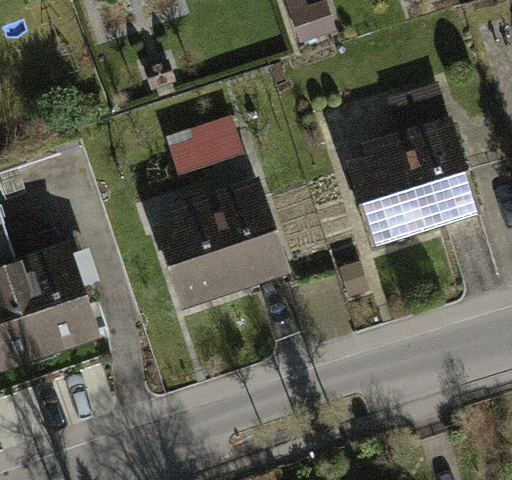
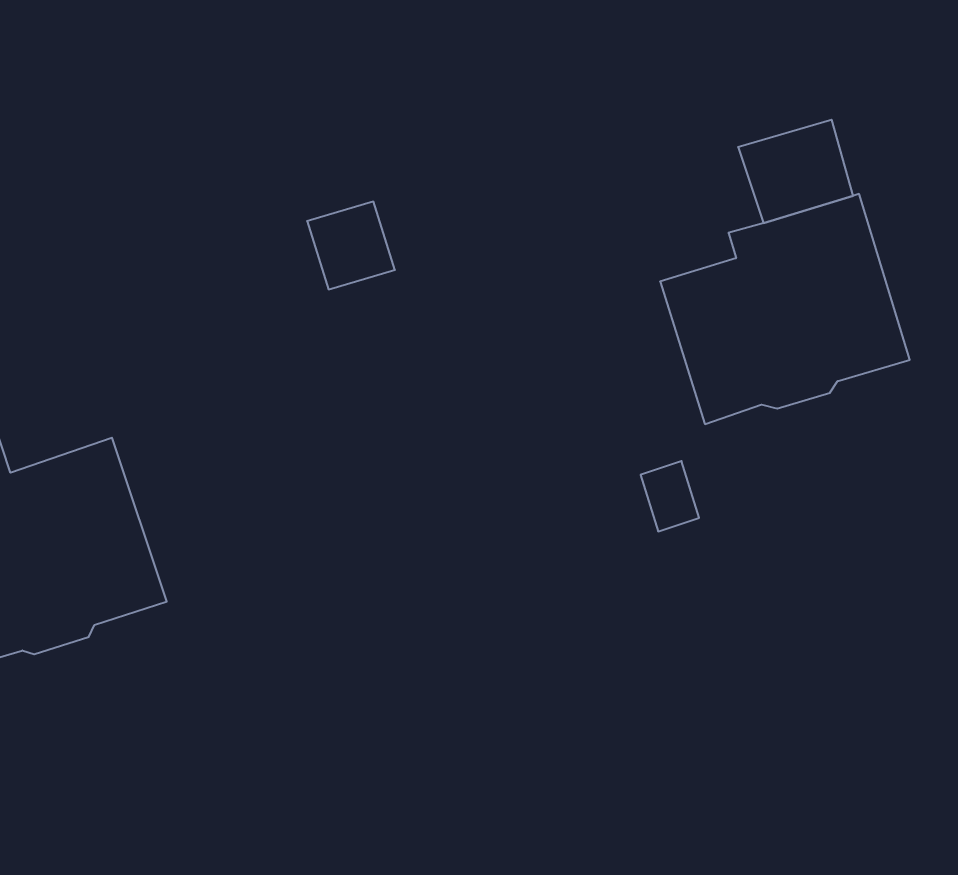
building: [156,187,285,305] -> none

